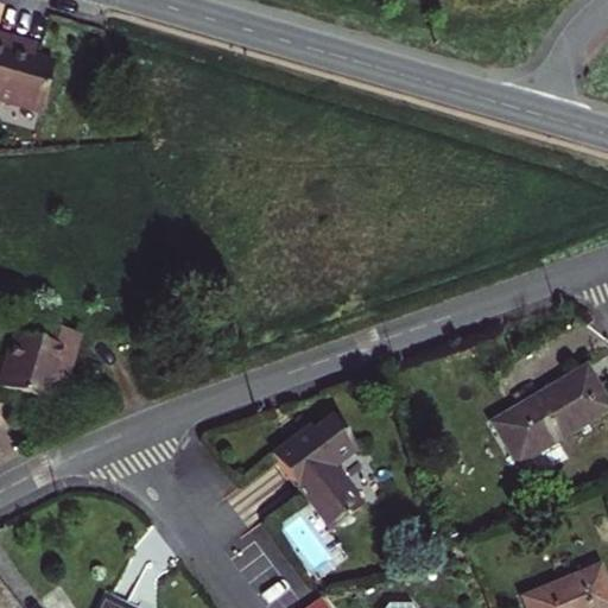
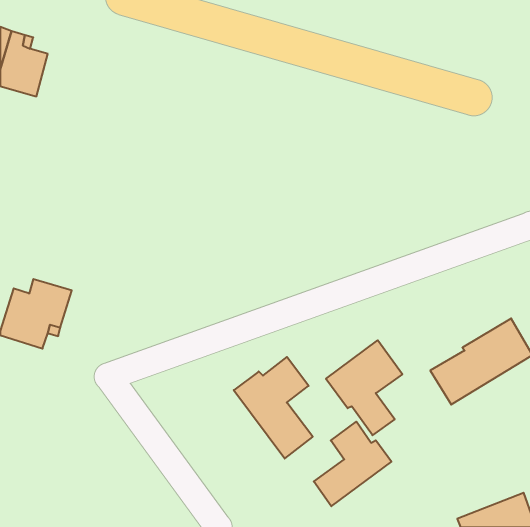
building: none -> [326,340,402,435]
building: none -> [314,422,391,506]

